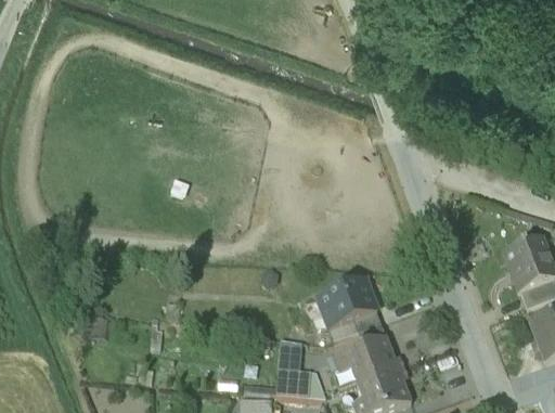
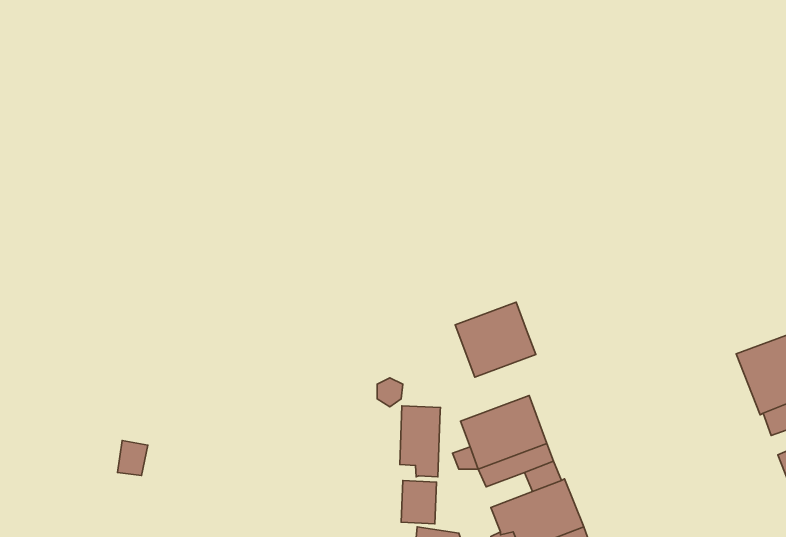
building: none -> [455,302,536,377]
building: none -> [400,406,441,477]

